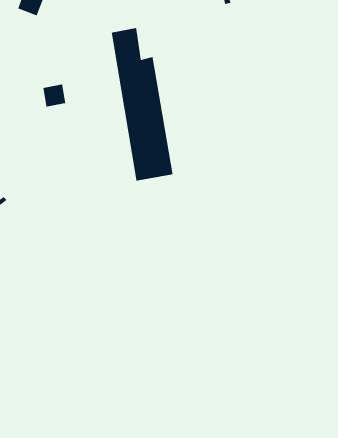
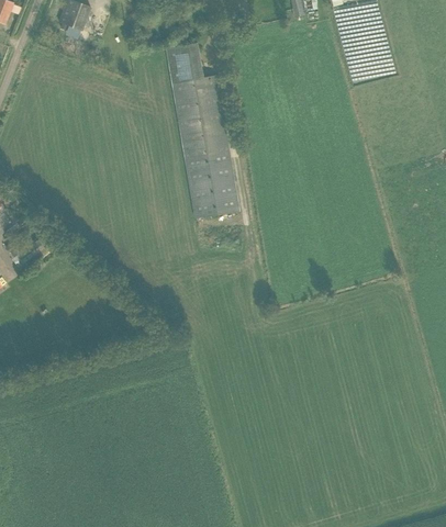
building: [42,84,66,108] -> none

